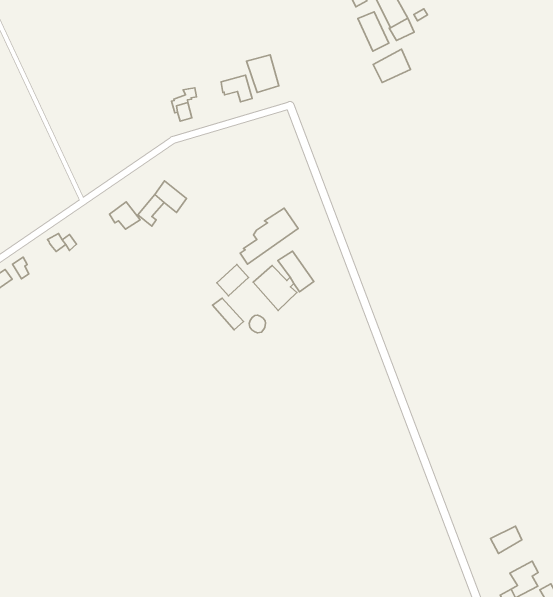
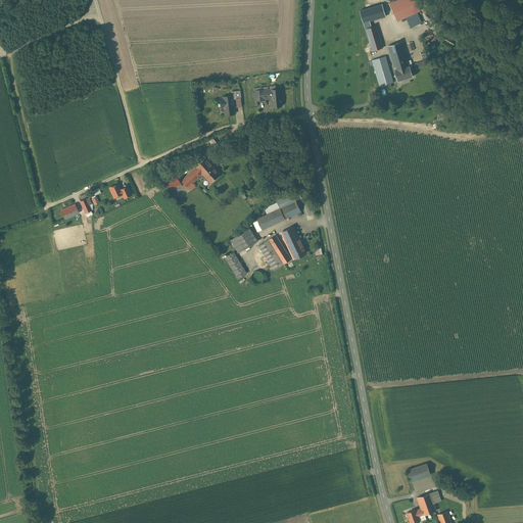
building: [373,49,411,82] -> none
building: [246,55,279,92] -> none

